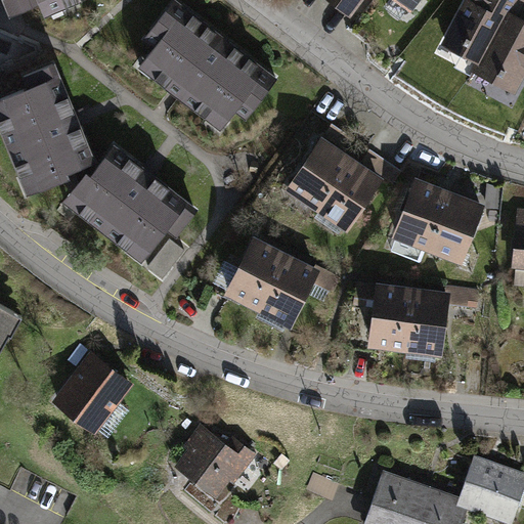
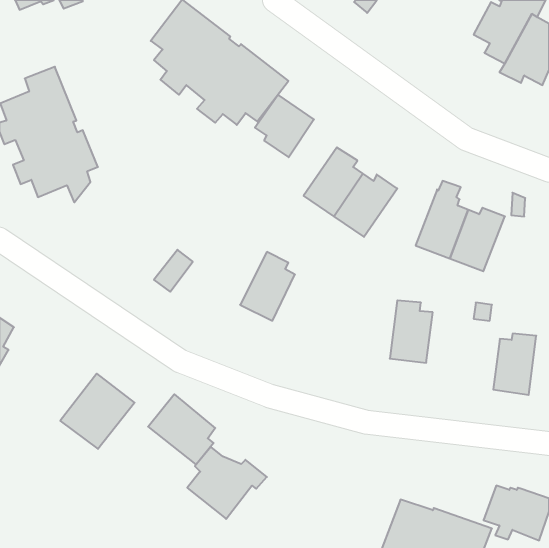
building: none -> [255,95,314,157]
building: [71,146,193,253] -> none
building: [259,262,315,322] -> none
building: [405,294,446,352] -> [493,334,536,395]
building: none -> [148,394,215,465]

